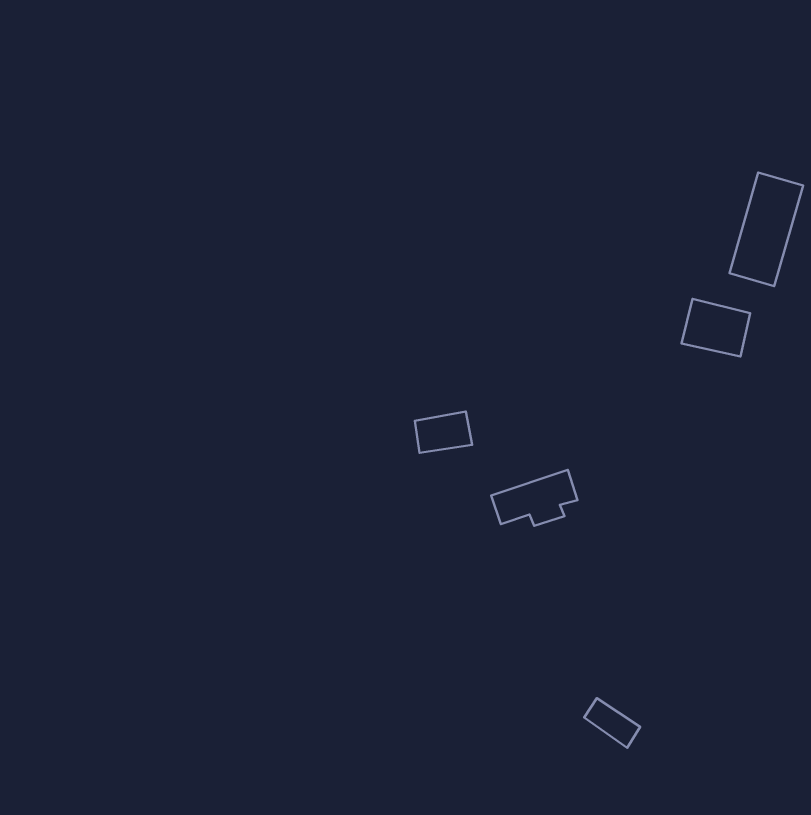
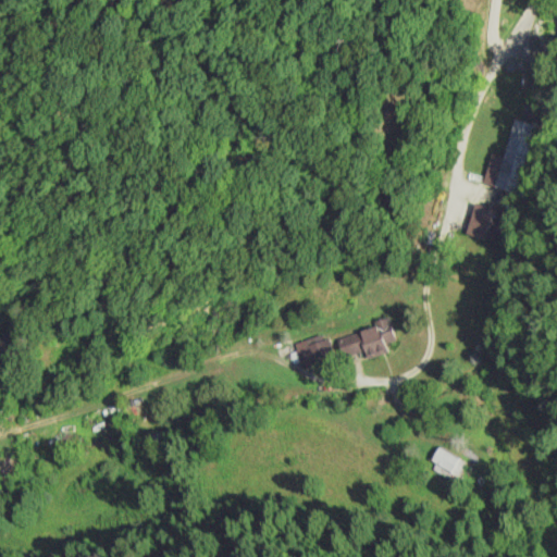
building: [415,411,472,453] -> [294,338,333,367]
building: [584,698,640,748] -> [426,446,465,480]

